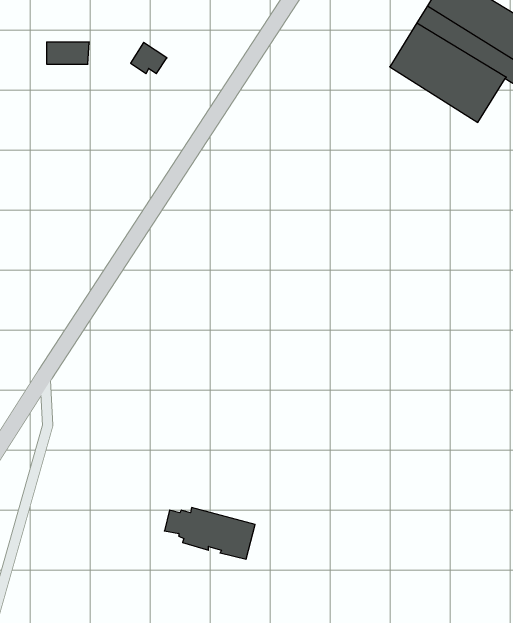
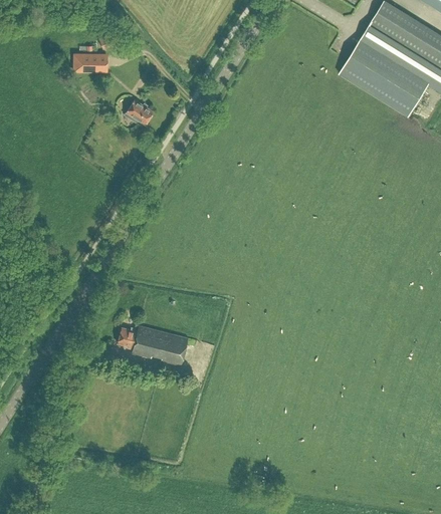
building: [131,42,167,74] -> [124,99,152,123]
building: [164,508,255,559] -> [118,325,188,365]

